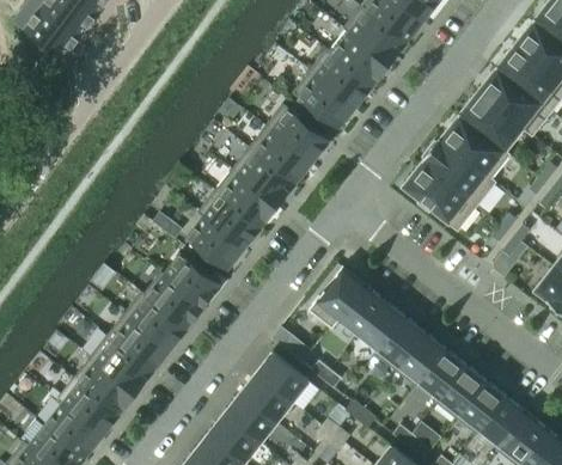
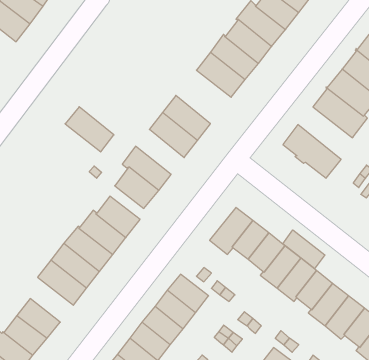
building: [267,104,329,161] -> none
building: [422,139,497,207] -> none
building: [215,169,277,226] -> [65,107,114,152]
building: none -> [283,230,325,269]
building: [74,356,136,414] -> none

